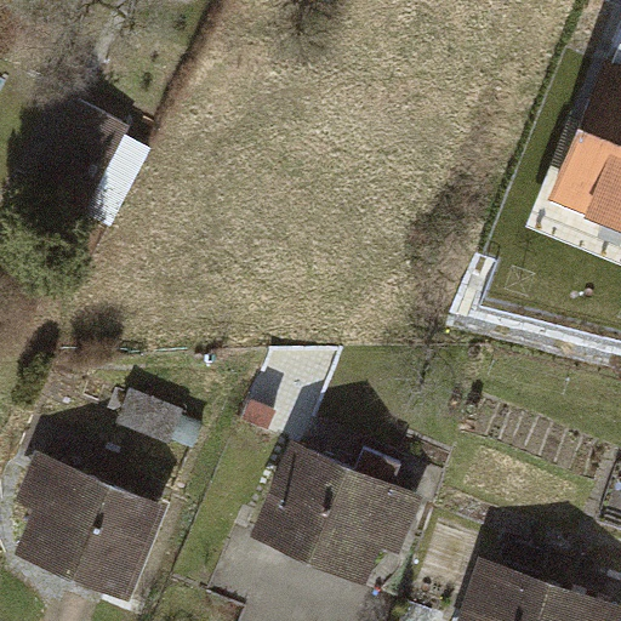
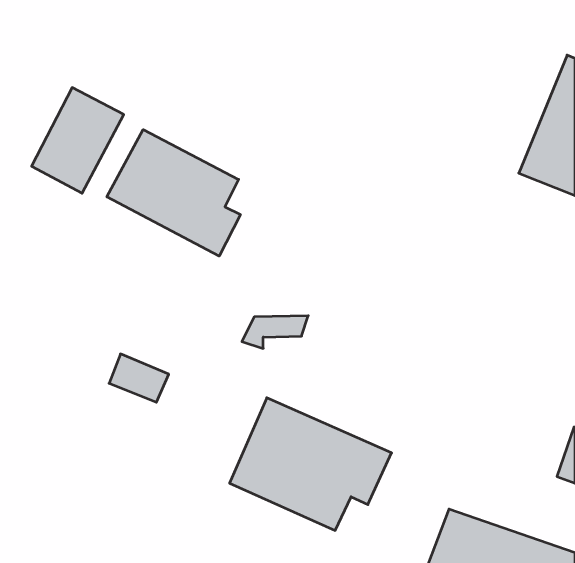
building: none -> [107,130,240,256]
building: [17,455,163,596] -> none

